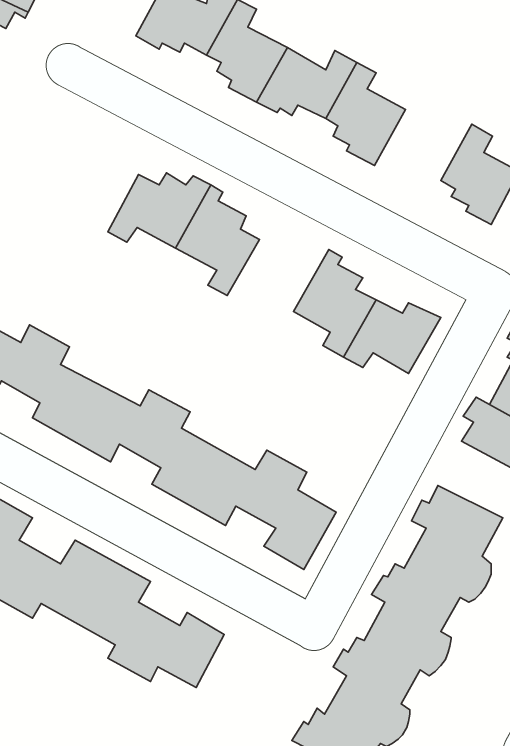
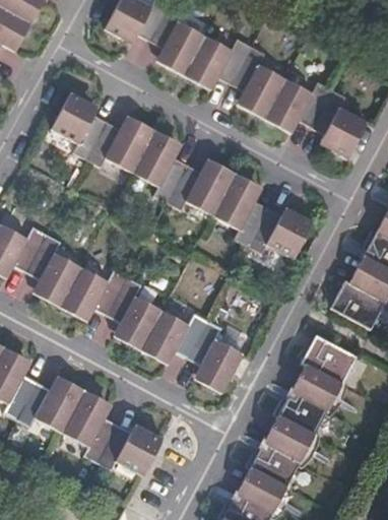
building: none -> [268,78,335,127]
building: none -> [48,91,106,162]
building: none -> [167,165,237,217]

